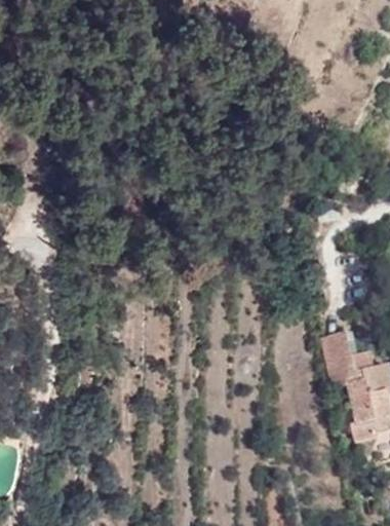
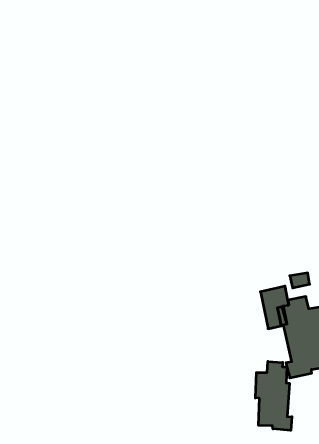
building: none -> [255,361,292,430]

